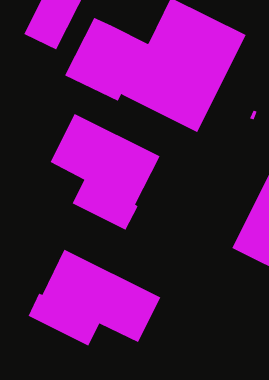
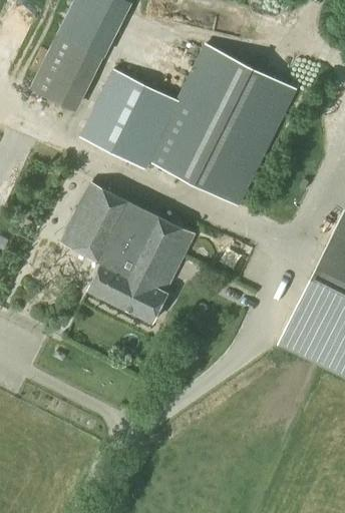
building: [28,249,161,346] -> none

